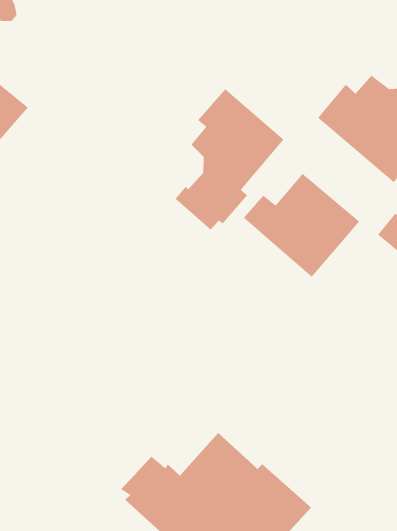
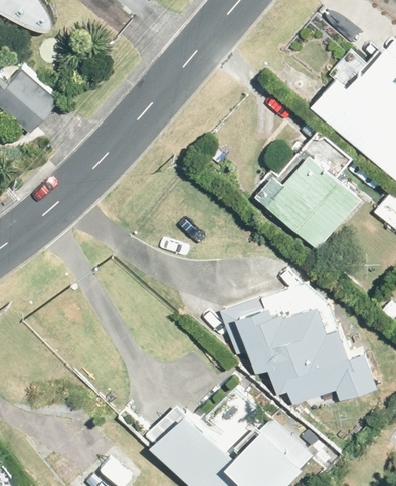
building: [174,88,285,231] -> none
building: none -> [220,285,377,406]

